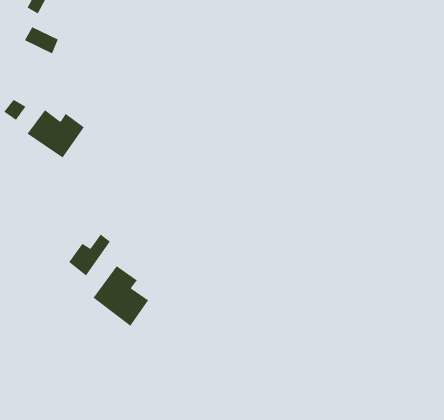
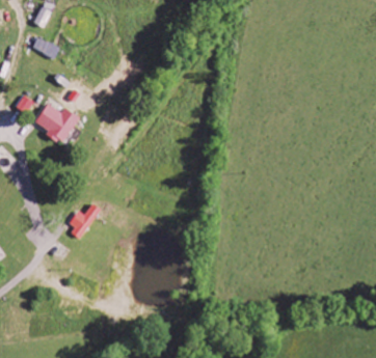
building: [92,265,149,327] -> none

